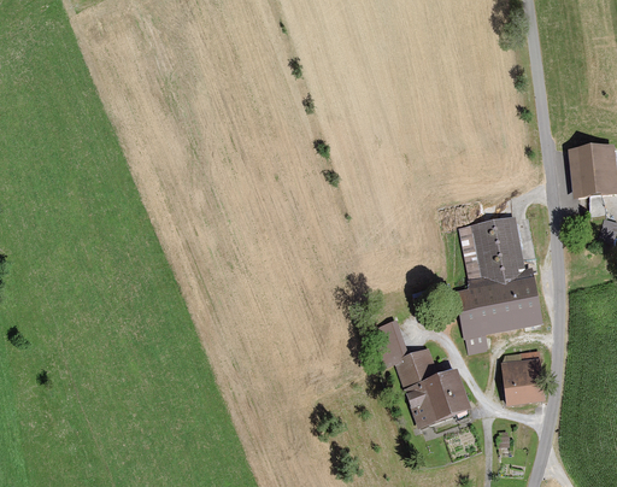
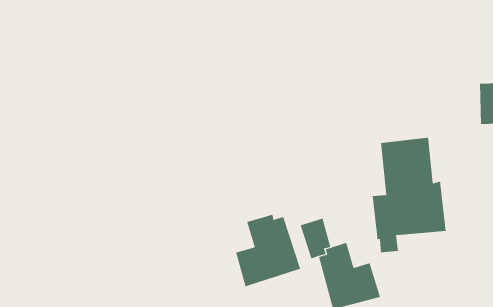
building: none -> [235,214,301,287]
building: [503,358,545,405] -> none

